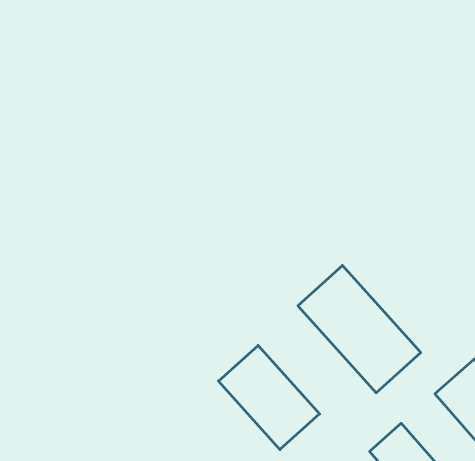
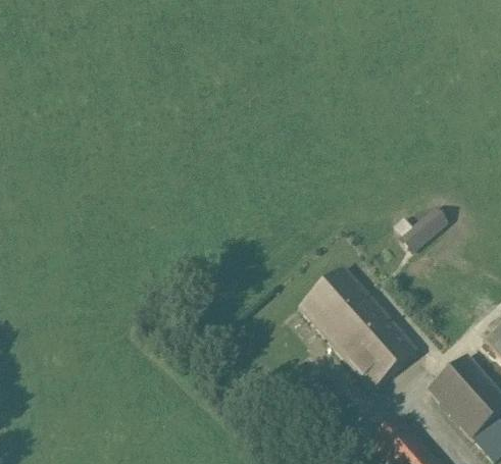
building: none -> [394,206,448,250]
building: [218,345,320,450] -> none

